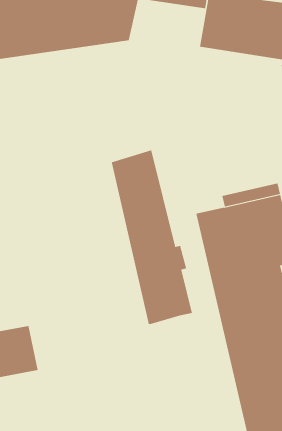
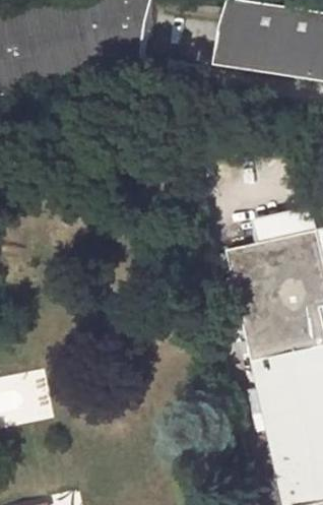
building: [111,150,193,325] -> none

